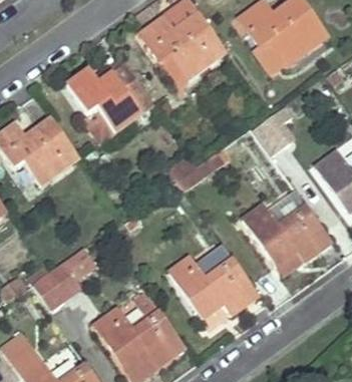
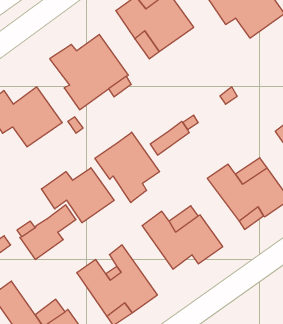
building: none -> [95,132,160,203]
building: none -> [41,168,114,223]

